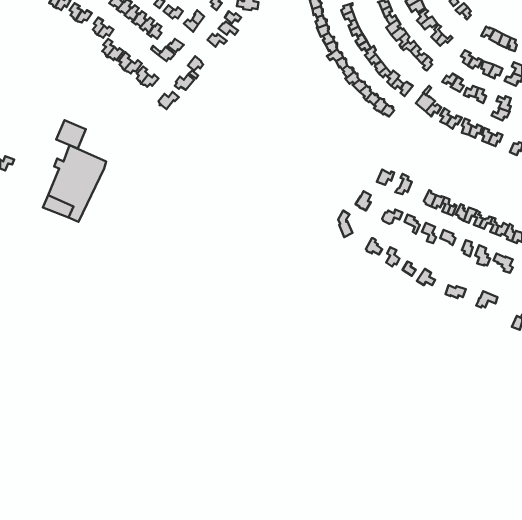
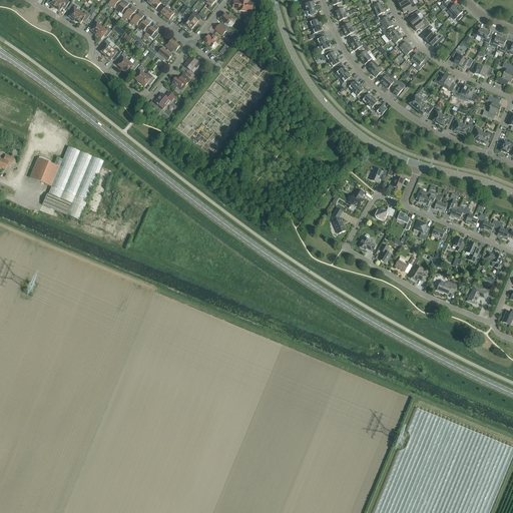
building: [56,120,86,149] -> [29,156,58,184]

